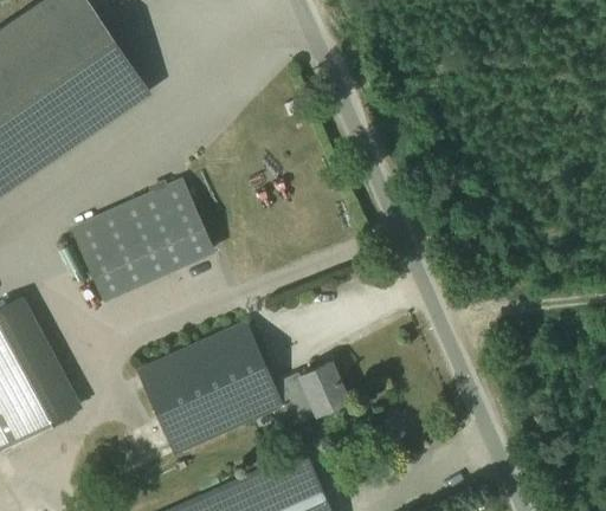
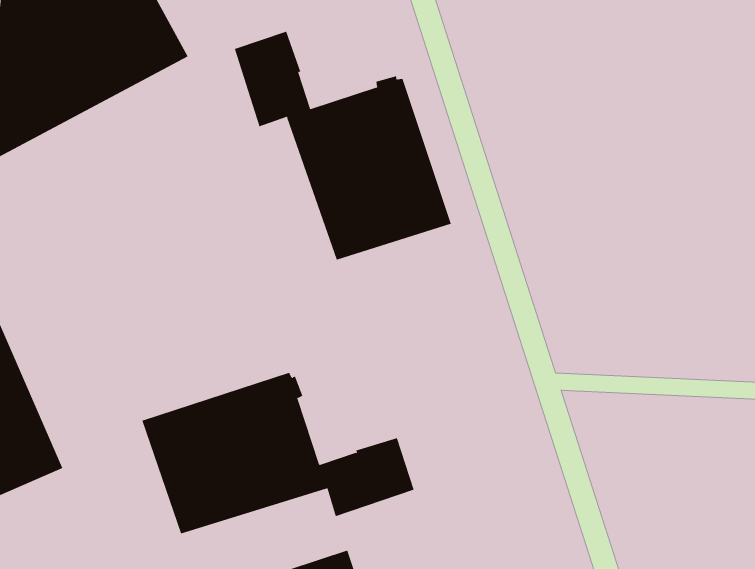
building: none -> [234,31,451,260]
building: [72,180,213,299] -> none

